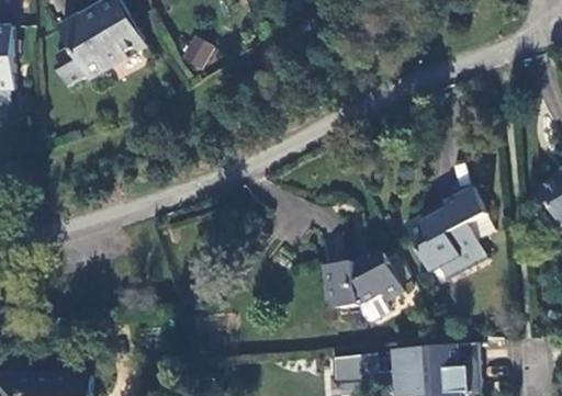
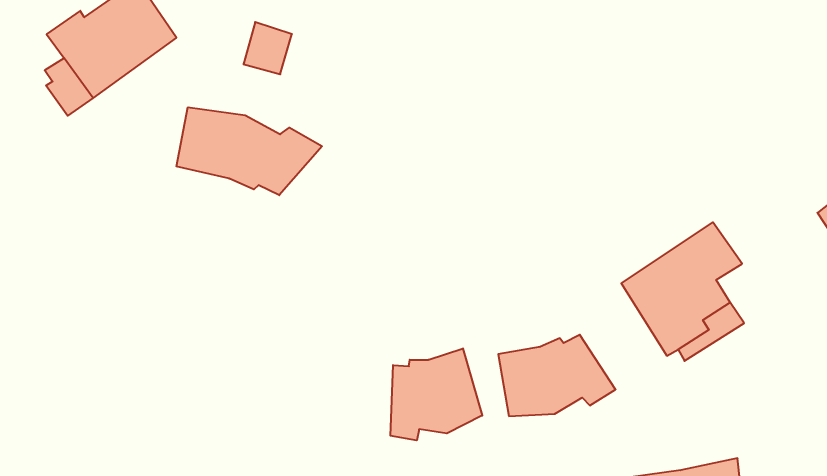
building: none -> [176,107,322,195]
building: none -> [390,348,482,440]

